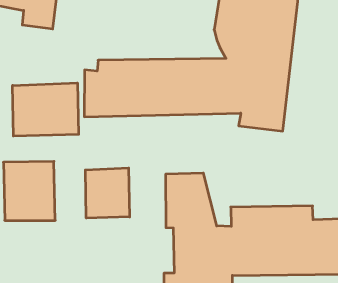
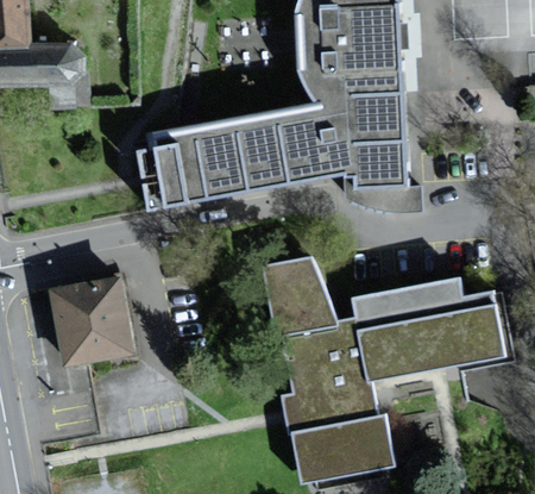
building: [13,83,79,136] -> none
building: [85,168,130,218] -> none

